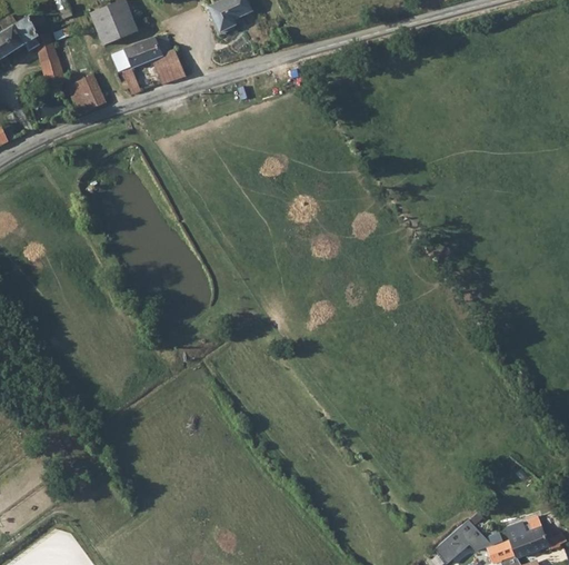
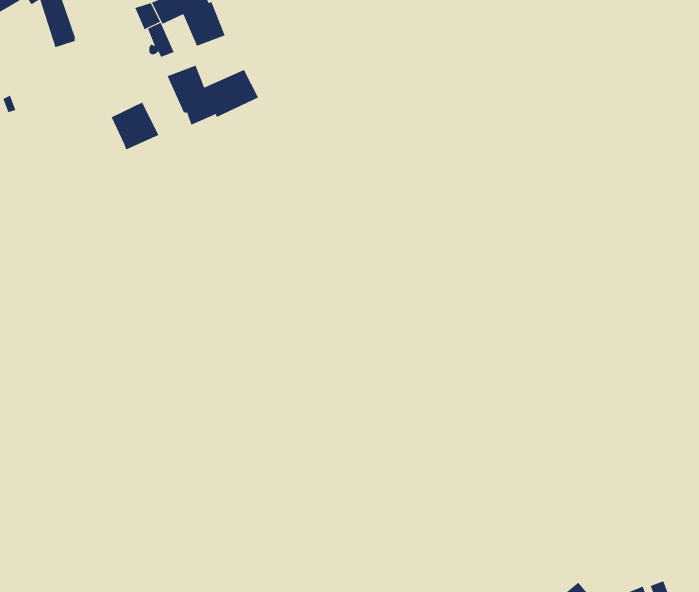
building: [68,73,107,112] -> [111,102,159,150]
building: none -> [167,65,259,126]

